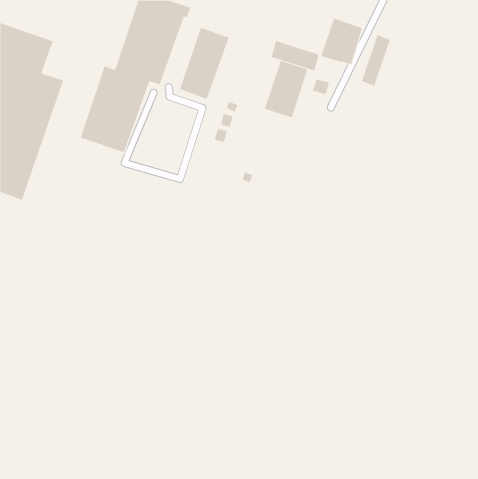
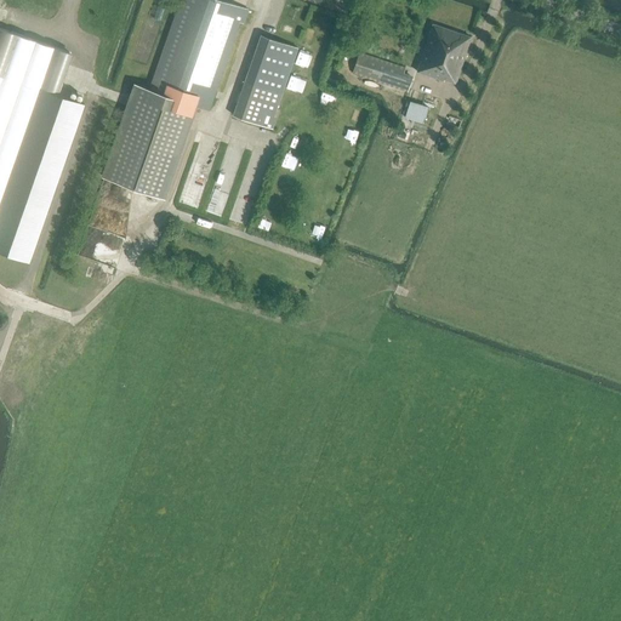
building: [361,34,390,87] -> none
building: [264,60,308,118] -> none

